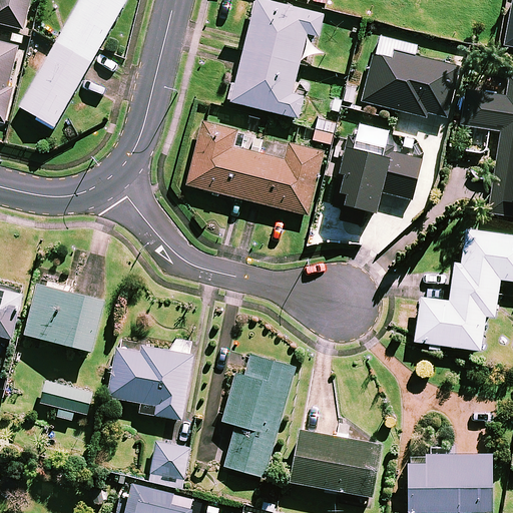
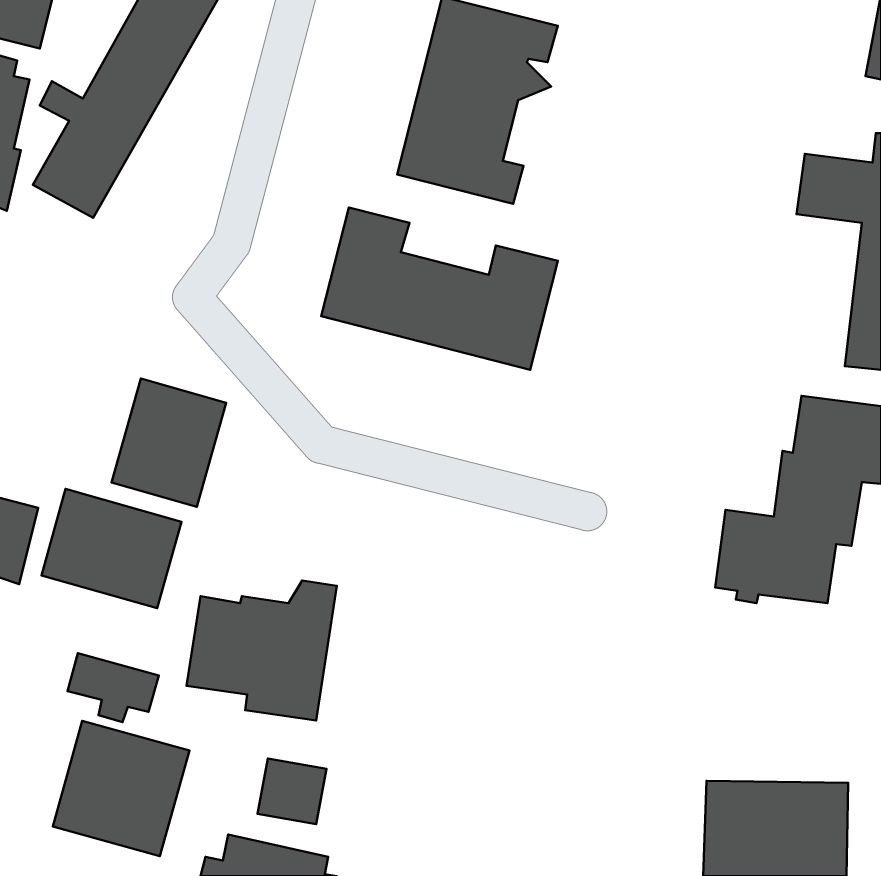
building: [363,49,458,116] -> none
building: [332,123,422,214] -> none
building: none -> [111,378,226,507]
building: [223,356,295,476] -> none
building: none -> [53,721,189,856]
building: [291,430,381,497] -> none

